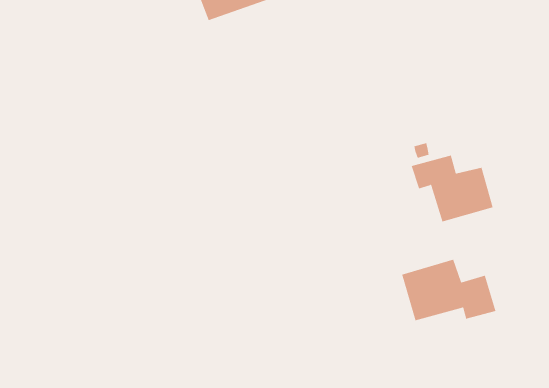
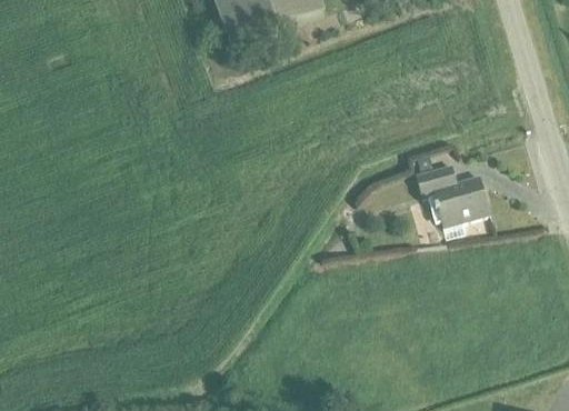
building: [402,259,496,321] -> none

